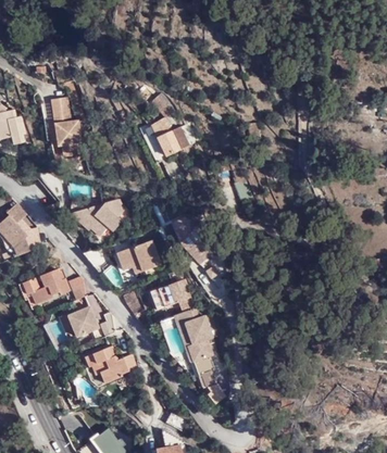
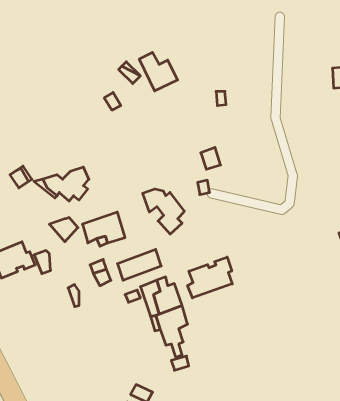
building: [52,98,84,155] -> none
building: [150,117,188,155] -> [139,52,178,91]
building: none -> [188,257,232,298]
building: [66,309,96,337] -> none
building: [83,347,135,383] -> none

